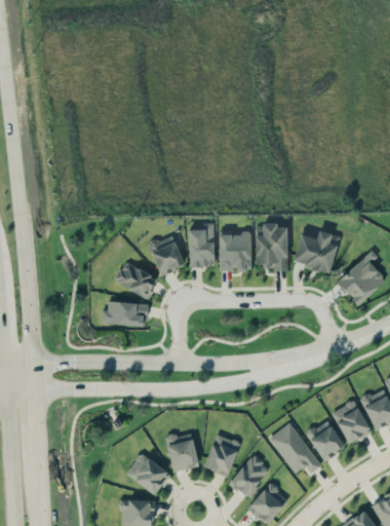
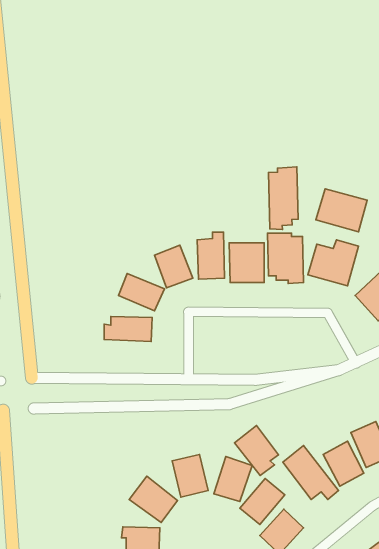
building: none -> [269,167,298,230]
building: none -> [316,189,367,232]
building: none -> [234,425,279,475]

